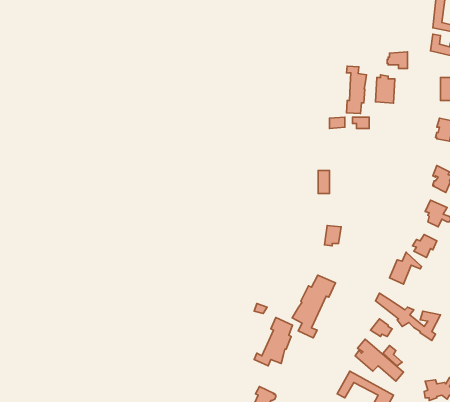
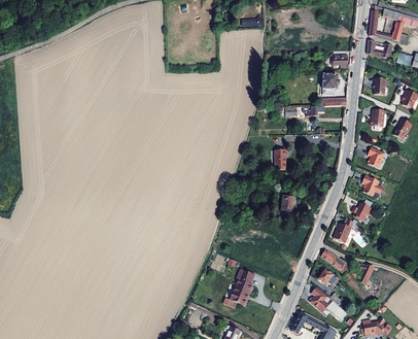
building: [346,66,367,113] -> none
building: [292,275,335,338] -> none

